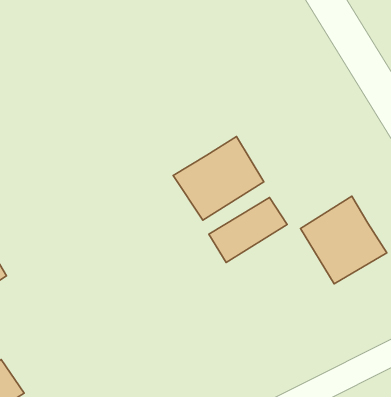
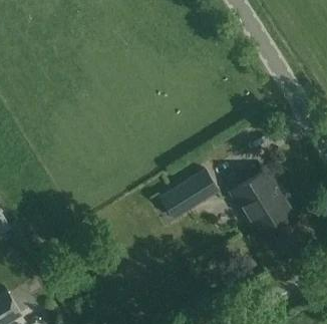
building: [173,136,264,220] -> none

